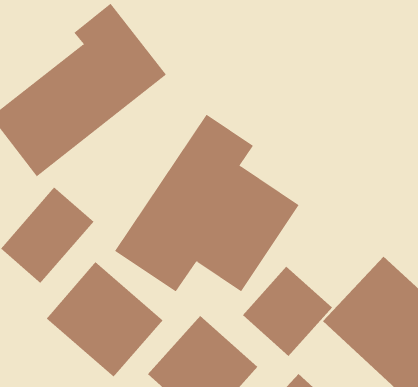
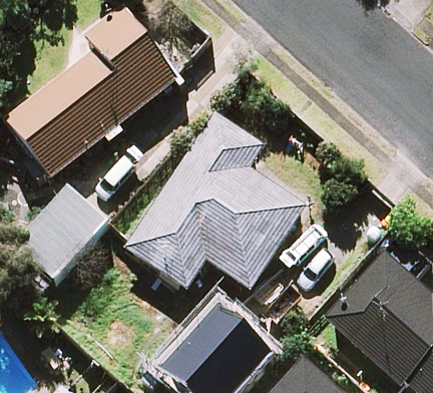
building: [46,261,163,378] -> none
building: [242,266,333,357] -> none

